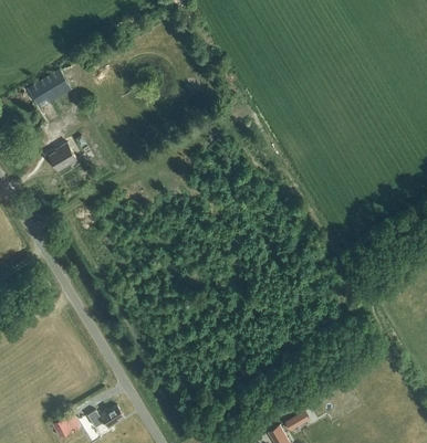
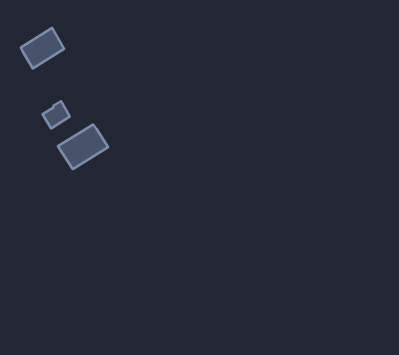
building: none -> [58,124,108,169]

